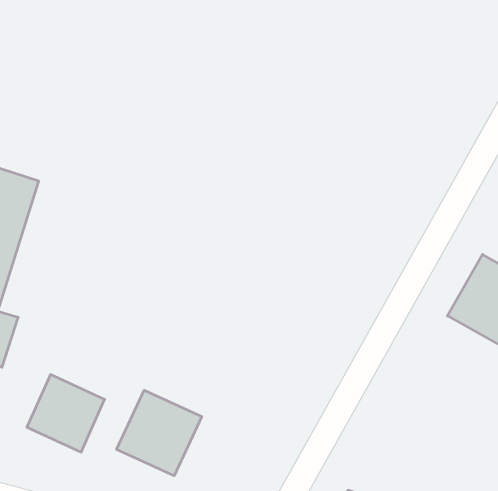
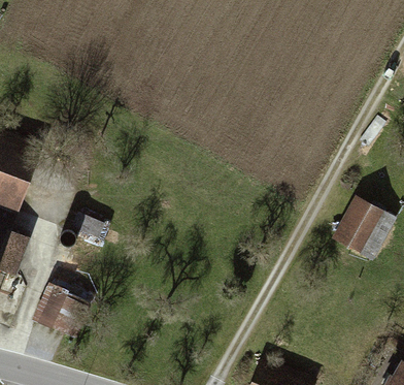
building: [117,390,202,476] -> none

